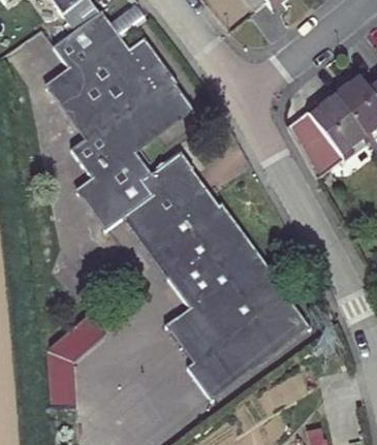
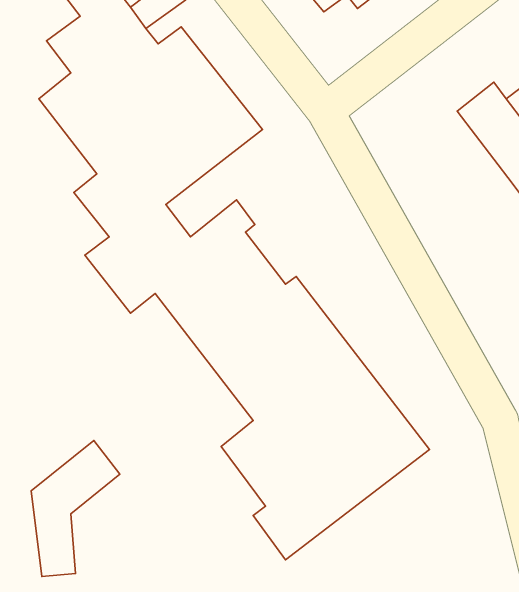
building: [285,94,367,181] -> none

